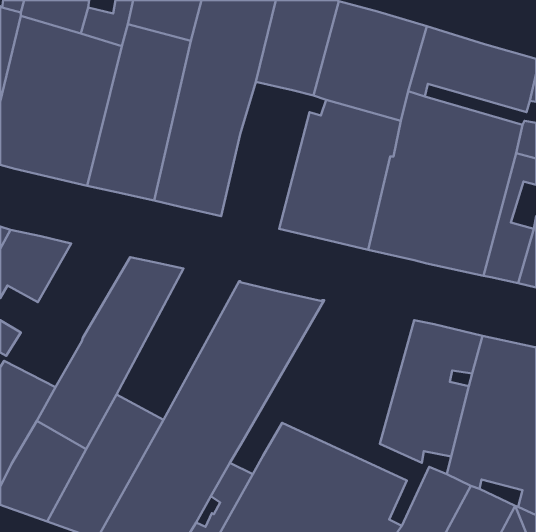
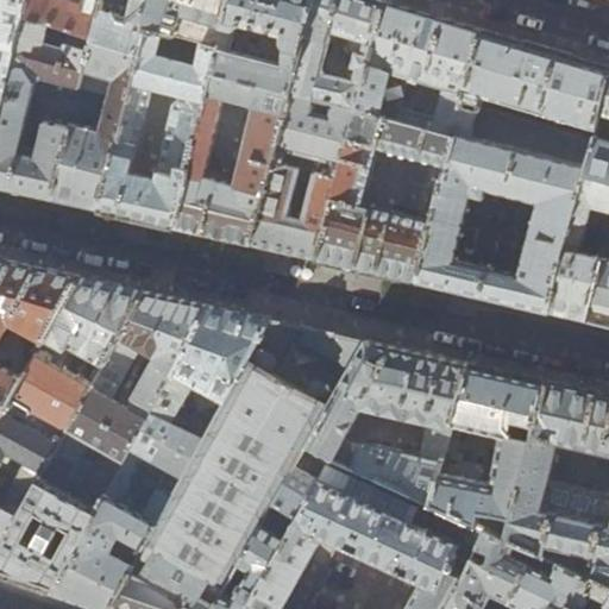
building: none -> [251,98,356,264]
building: none -> [5,281,147,444]
building: none -> [132,309,271,481]
building: none -> [274,345,470,521]

